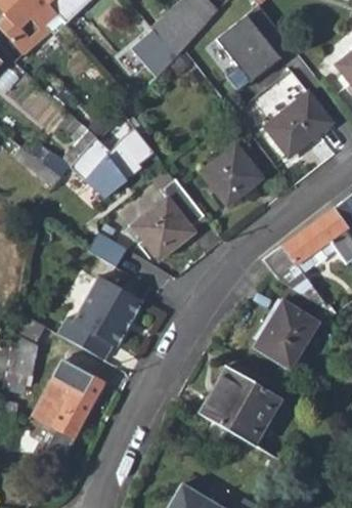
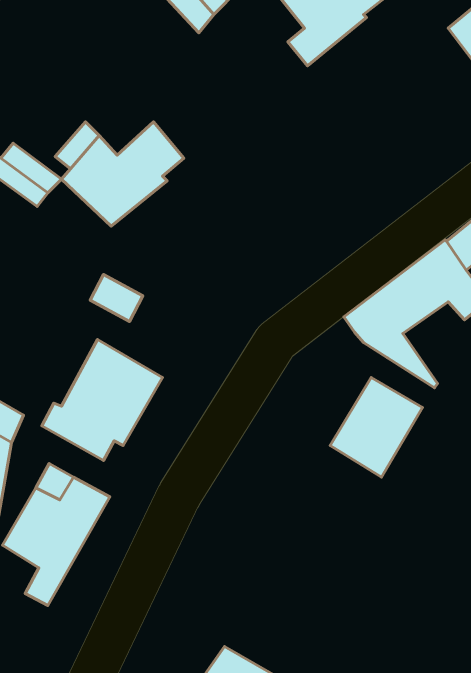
building: [263,89,334,159] -> none
building: [201,143,264,206] -> none
building: [130,179,204,262] -> none
building: [196,366,282,446] -> none

